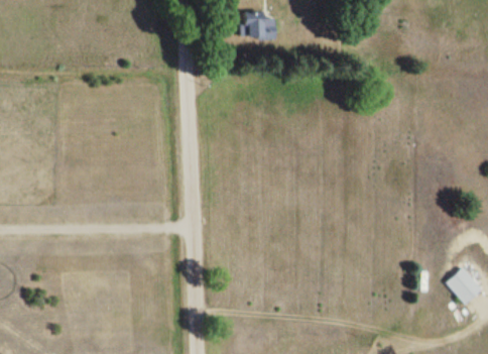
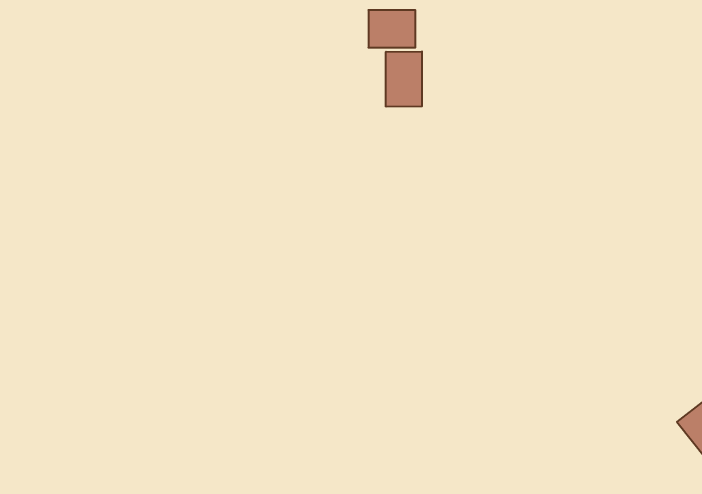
building: none -> [386,51,422,107]

